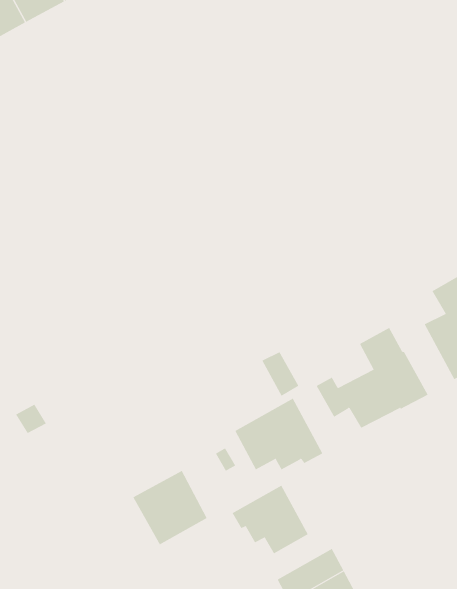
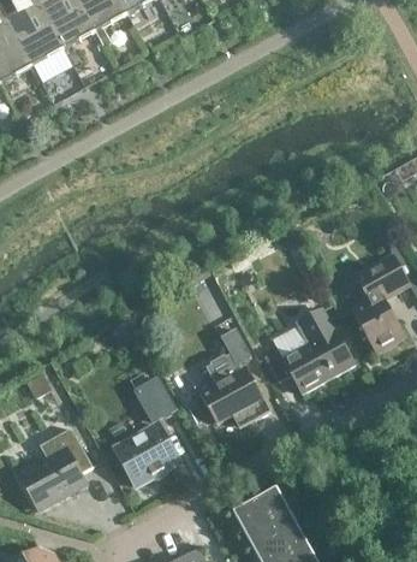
building: none -> [132,374,178,422]
building: none -> [18,427,91,509]
building: [232,485,308,554] -> none

